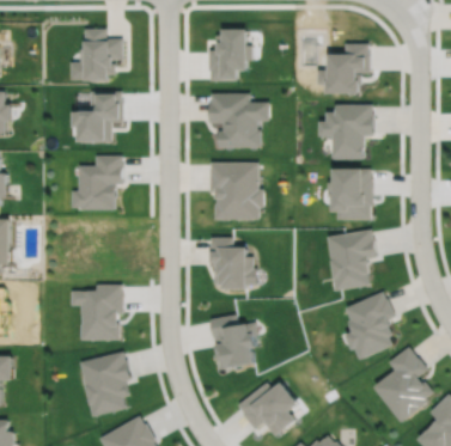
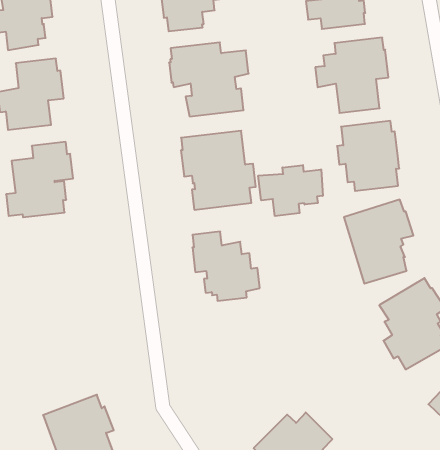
building: none -> [258,165,323,216]
building: [69,285,123,341] -> none
building: [208,314,256,371] -> none

